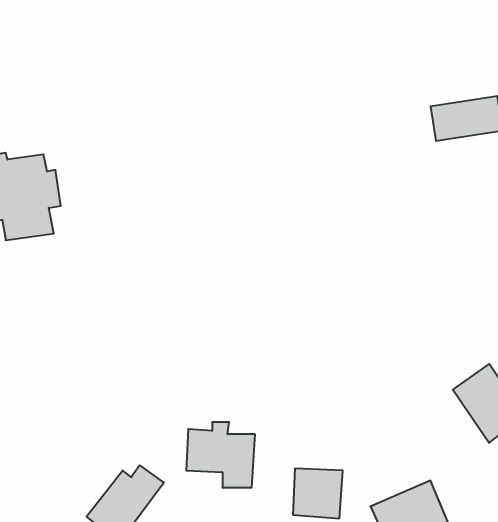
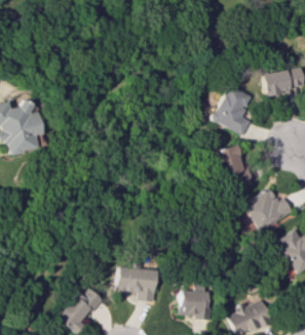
building: none -> [212,84,253,136]
building: none -> [215,143,252,191]
building: none -> [244,189,295,233]

